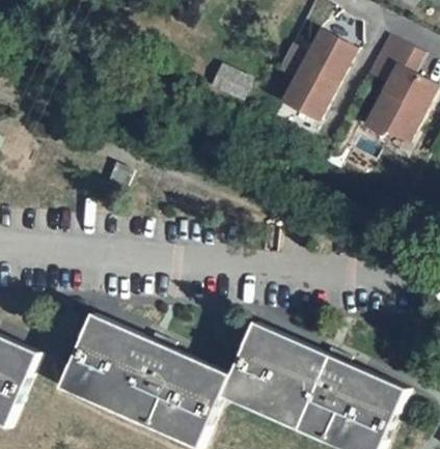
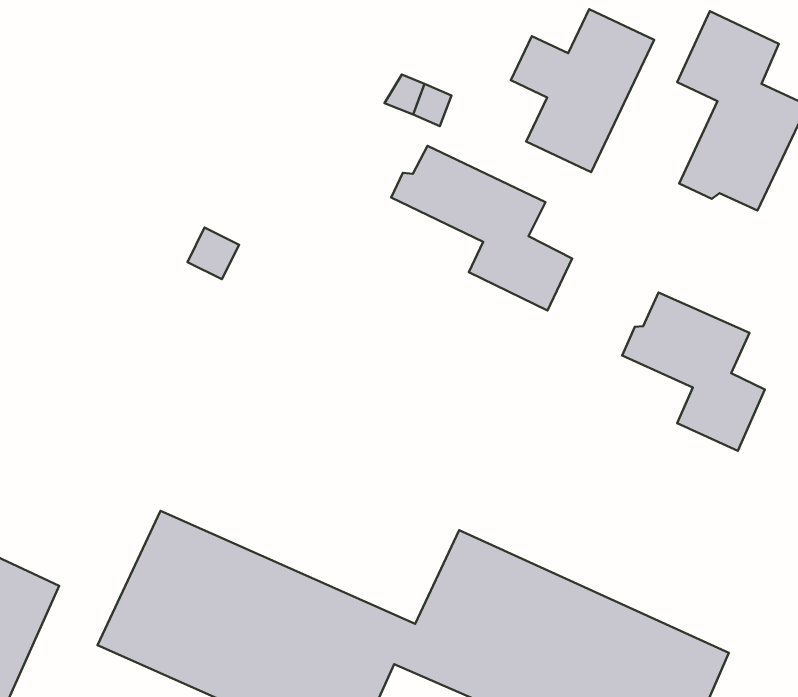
building: none -> [391,146,572,310]
building: none -> [622,293,765,451]

